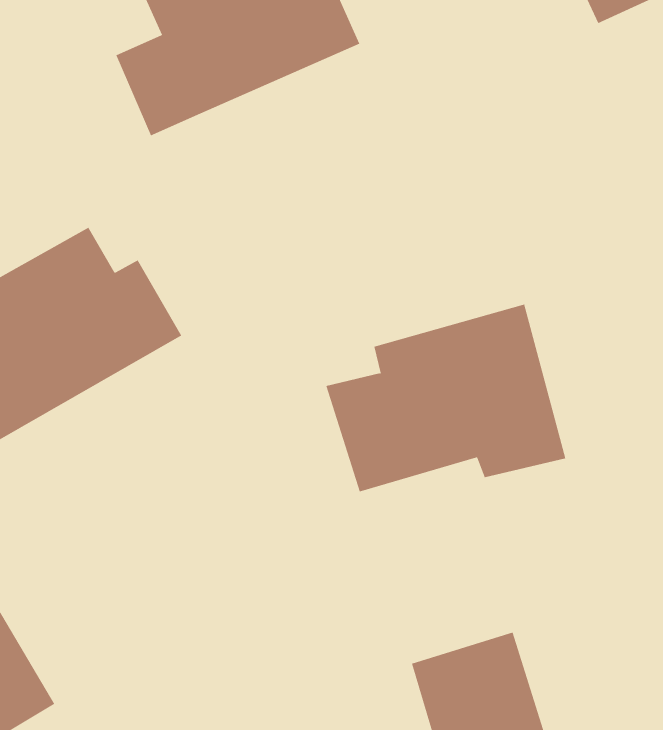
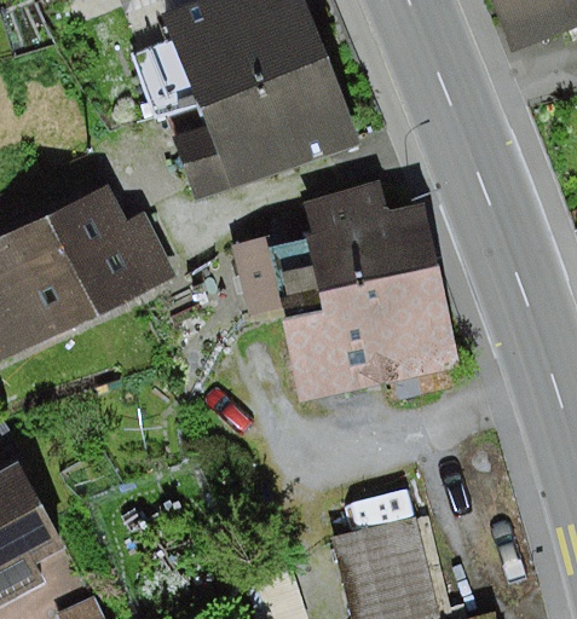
building: none -> [175,57,357,199]
building: none -> [232,180,439,318]

